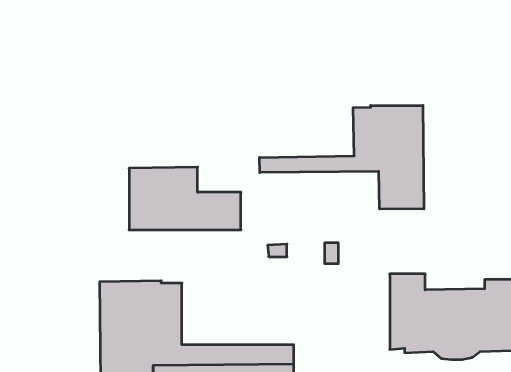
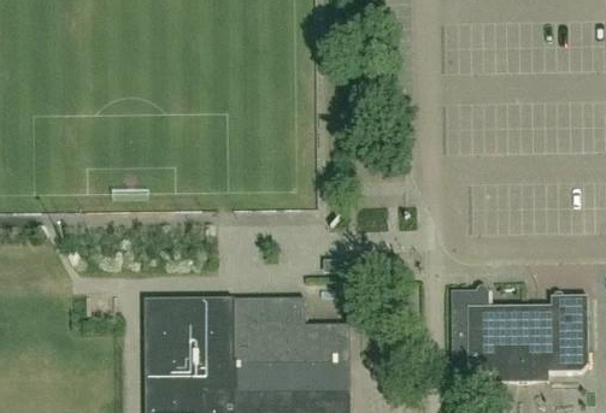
building: [260,105,424,209] -> none
building: [129,167,241,230] -> [231,297,349,364]

